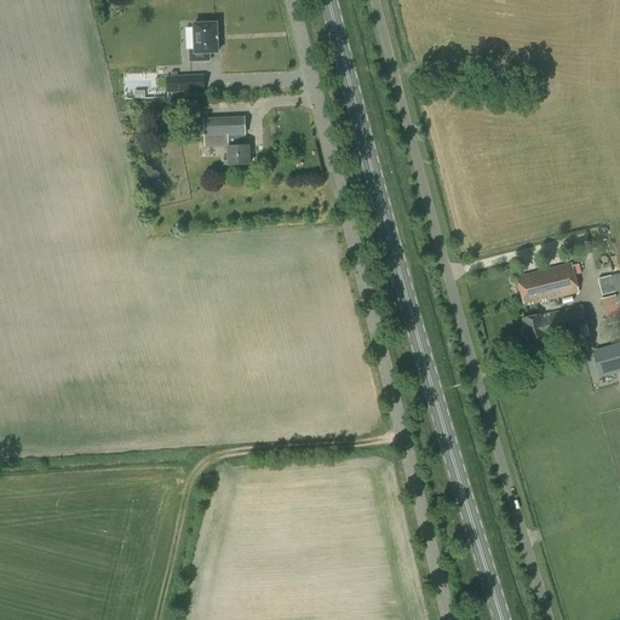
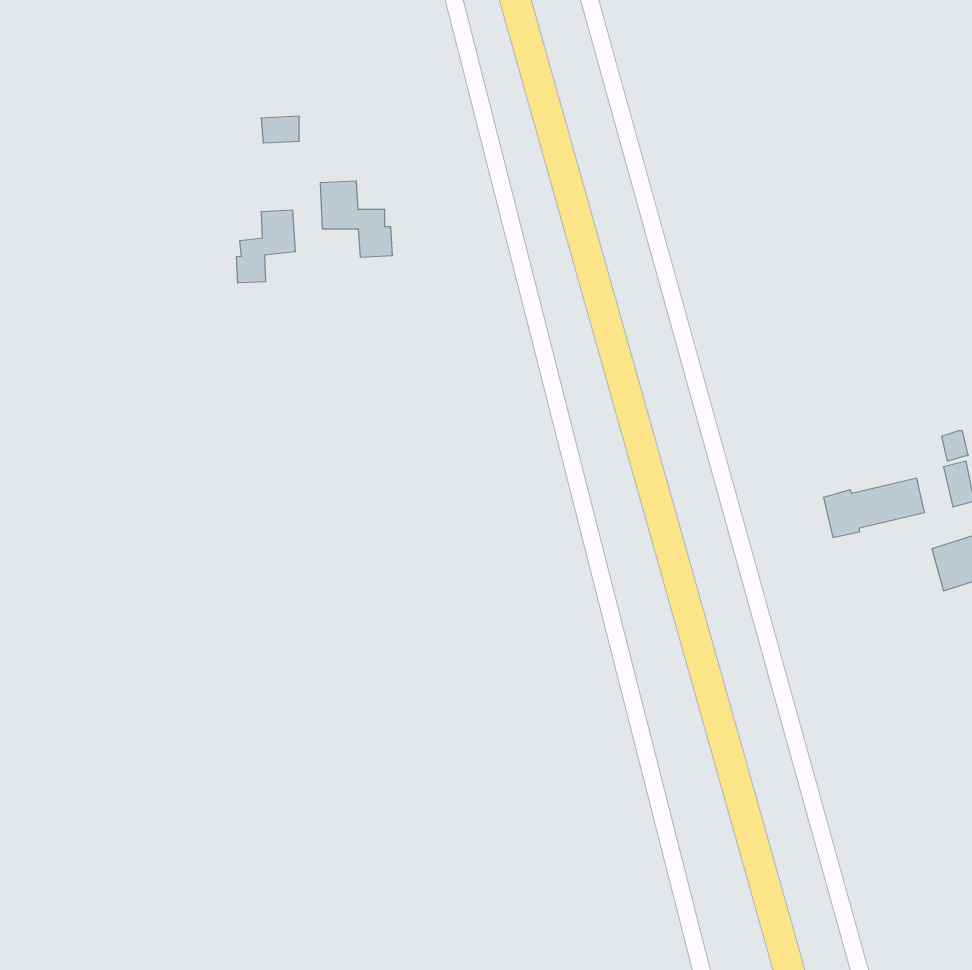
building: [190,22,219,61] -> none
building: none -> [237,210,295,283]
building: [517,262,580,304] -> none

